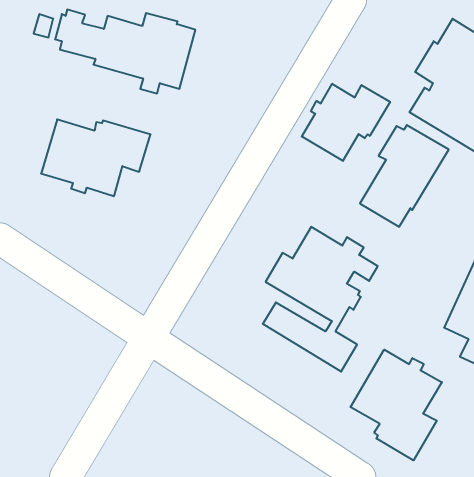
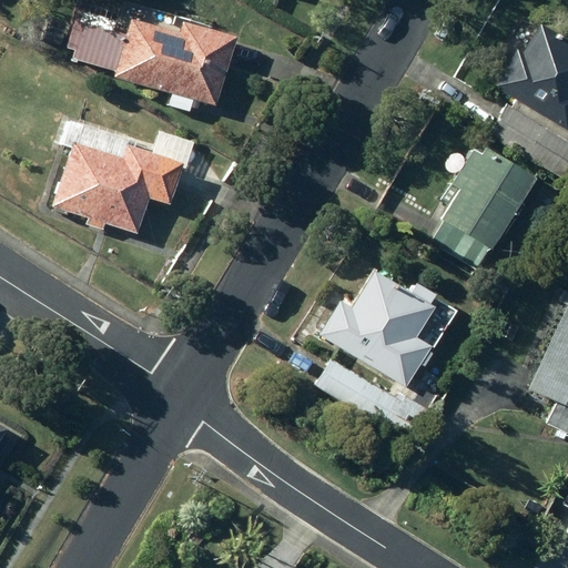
building: [302,84,390,161] -> none
building: [350,350,442,460] -> none

